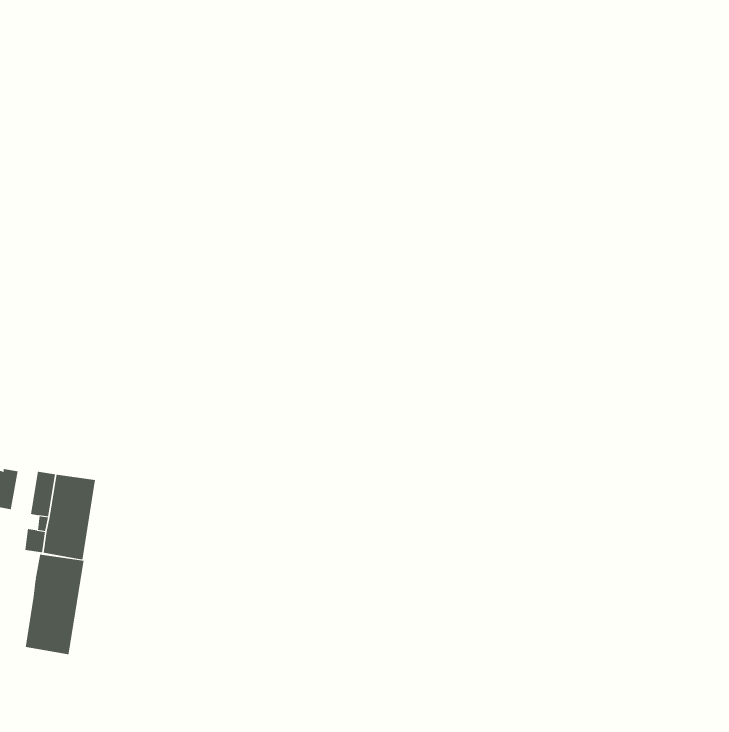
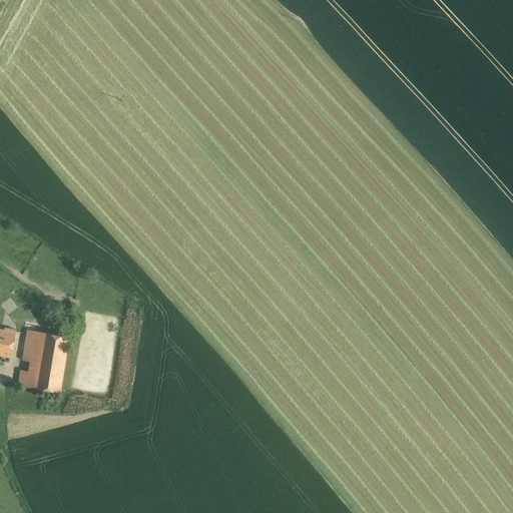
building: [25,554,84,655] -> none

